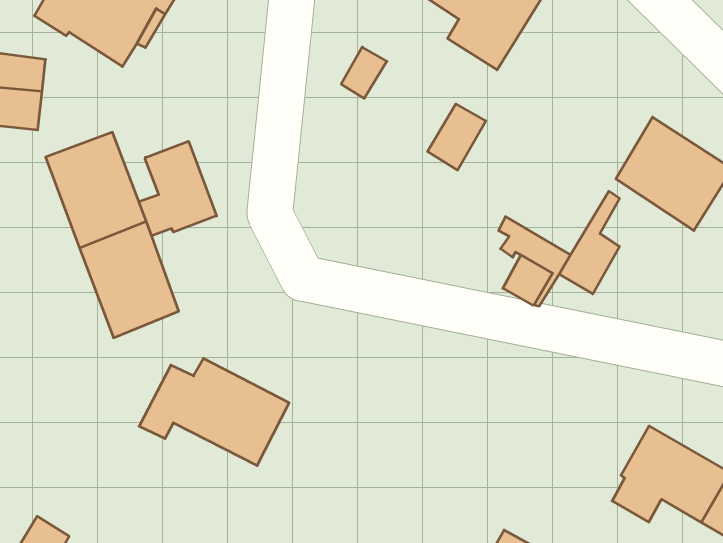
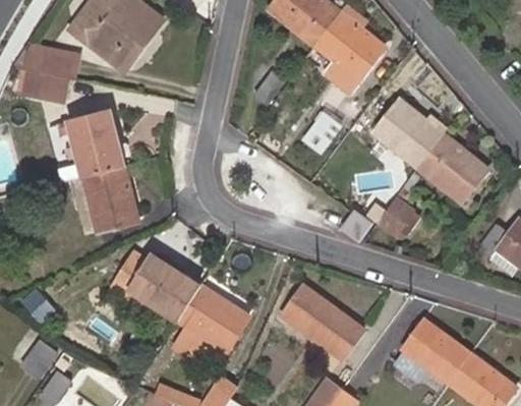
building: none -> [355,96,443,168]
building: [139,141,217,236] -> none
building: none -> [280,283,365,361]
building: none -> [173,285,250,359]

